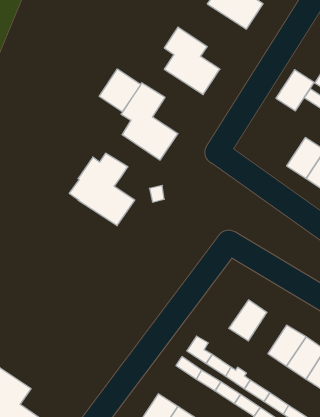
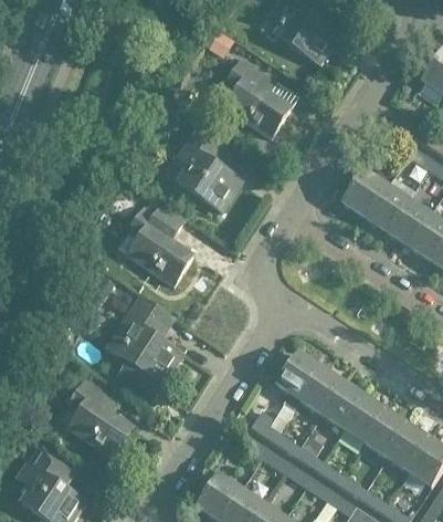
building: [99,69,141,112] -> none
building: [276,70,314,111] -> [342,170,386,217]
building: none -> [108,296,182,401]
building: none -> [277,354,321,410]
building: none -> [70,382,134,458]
building: none -> [321,383,365,429]

